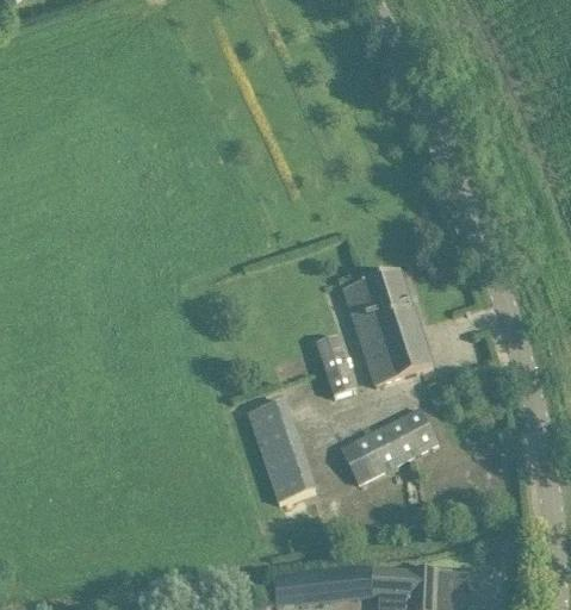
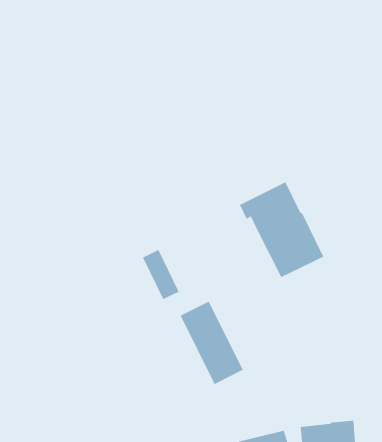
building: [315,335,354,397] -> [142,249,179,300]
building: [342,407,437,481] -> none

